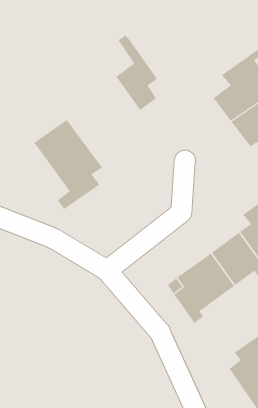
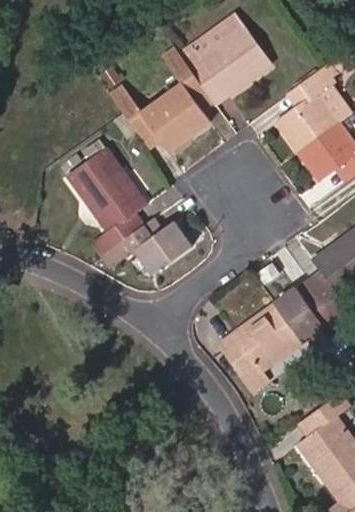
building: none -> [179,14,271,105]
building: none -> [111,86,190,151]
building: none -> [98,221,193,275]

